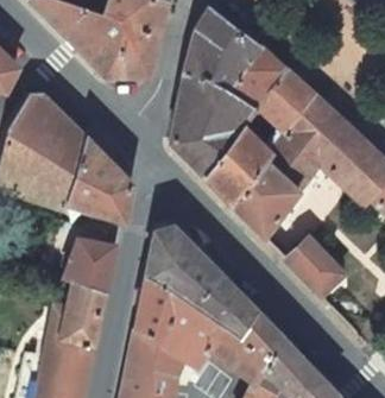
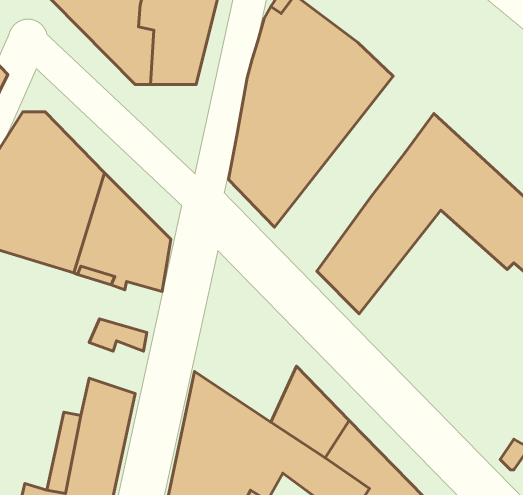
building: [203,69,315,206] -> none
building: [147,225,219,311] -> none
building: [285,236,345,296] -> none
building: [65,254,112,291] -> none

